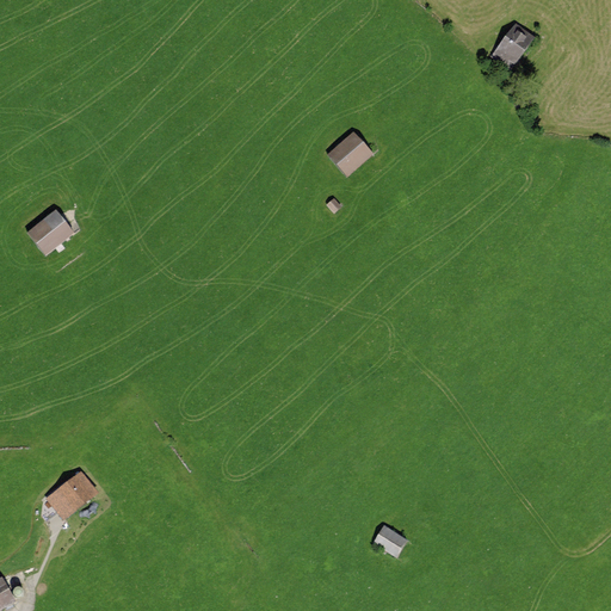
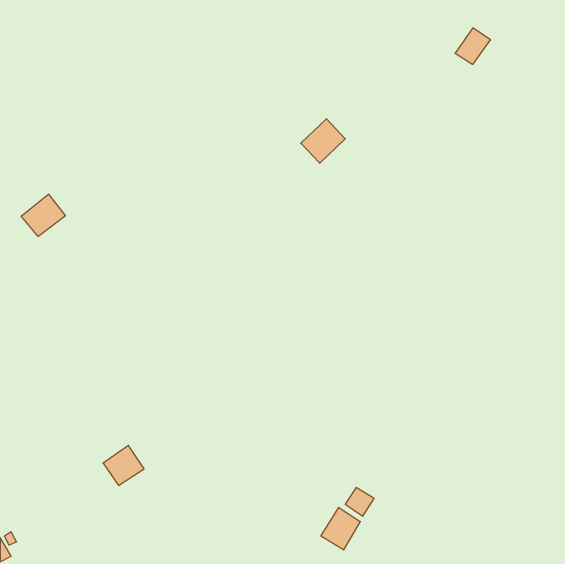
building: [51,471,95,514] -> [103,445,144,485]
building: none -> [321,507,360,550]

